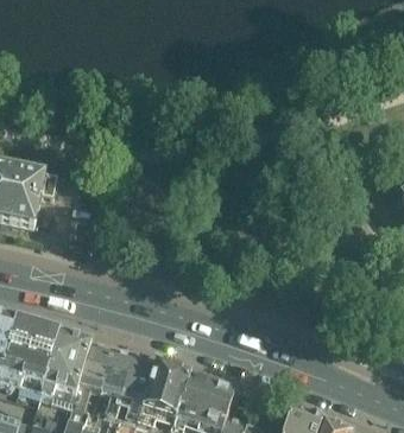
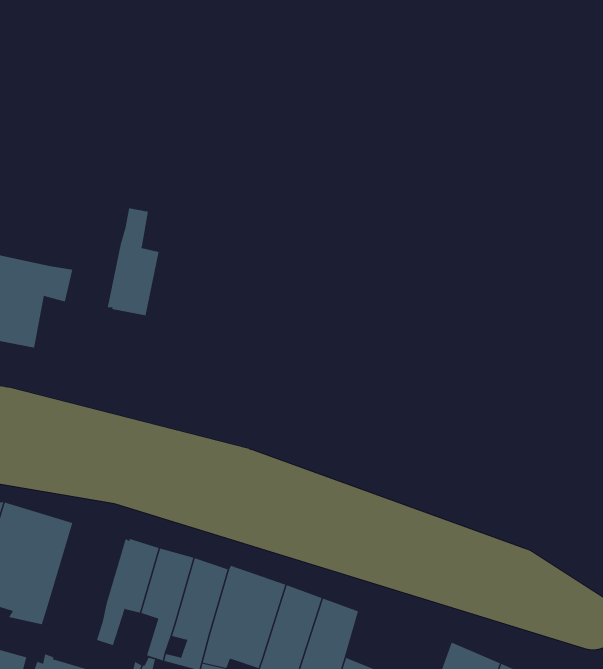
building: none -> [107,208,159,316]
building: [39,335,93,406] -> none

